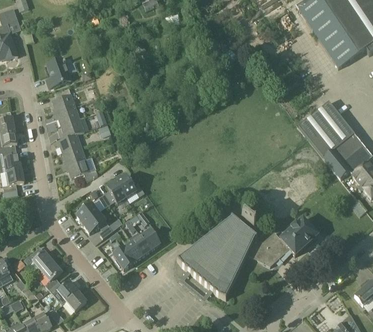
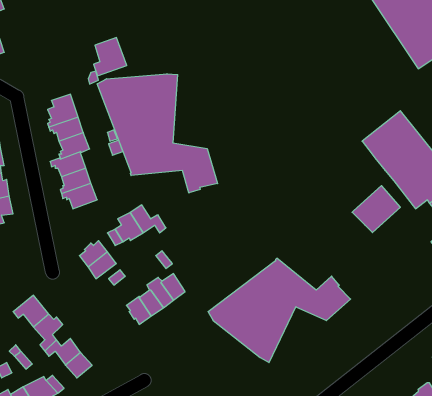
building: [45,58,71,88] -> [94,38,127,76]
building: none -> [97,74,218,193]
building: [279,218,317,255] -> [352,186,400,233]

